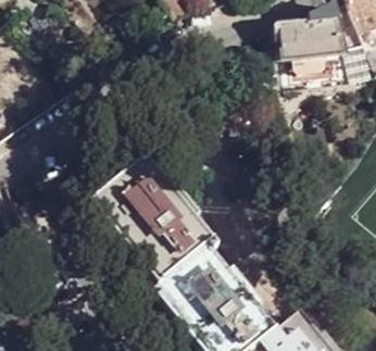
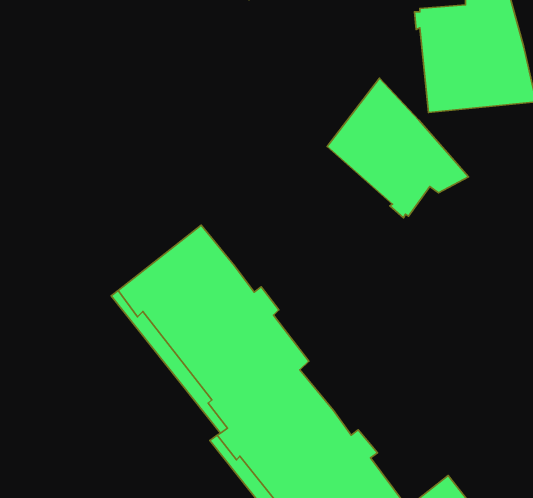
building: none -> [327,78,469,218]

